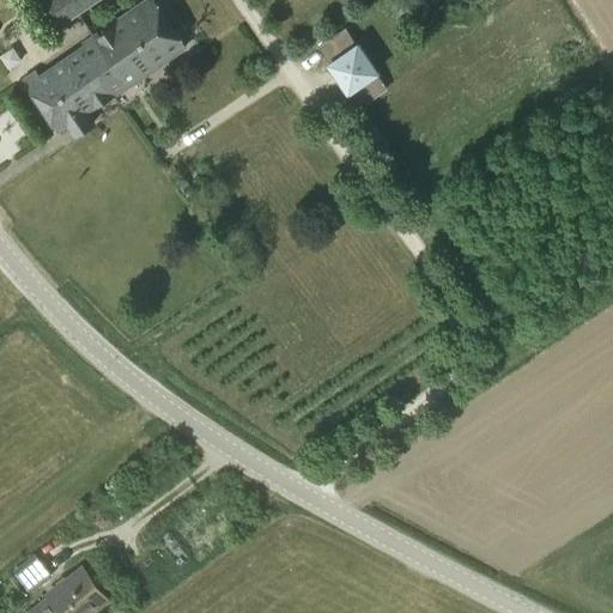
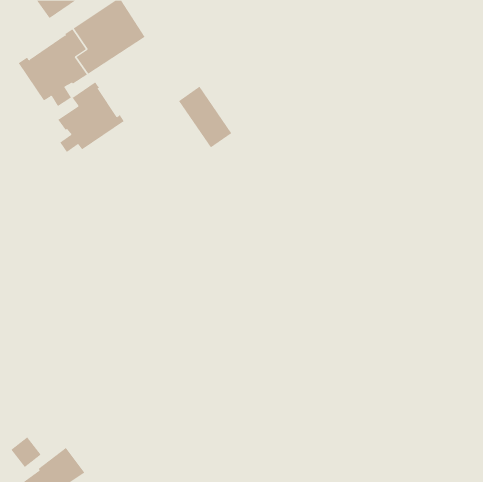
building: [318,30,387,109] -> [178,86,232,148]
building: none -> [57,82,125,153]

